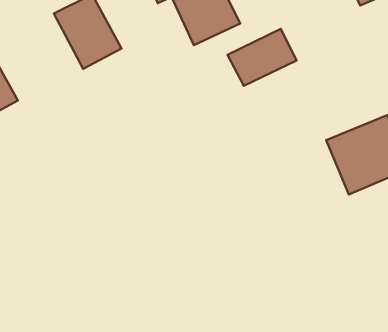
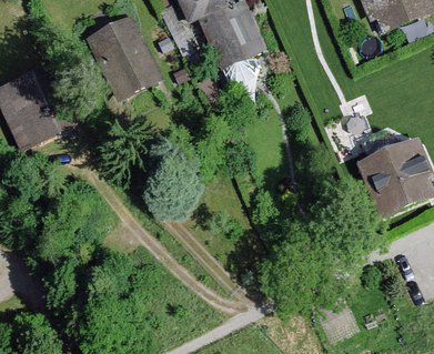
building: [228,29,296,86] -> none

